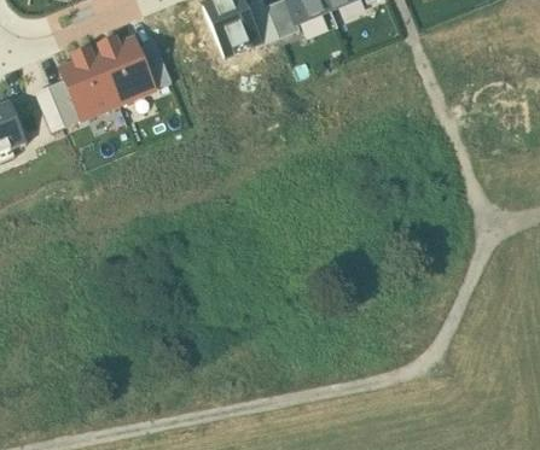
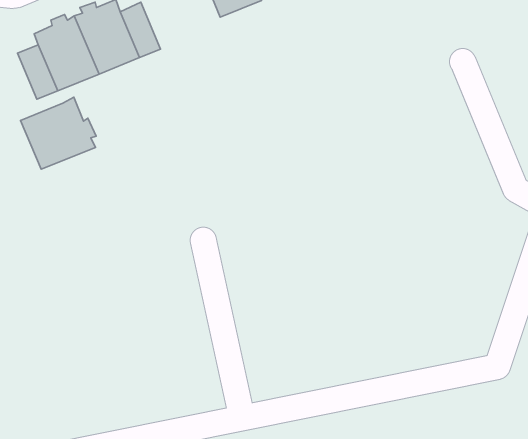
building: none -> [20,97,96,169]

